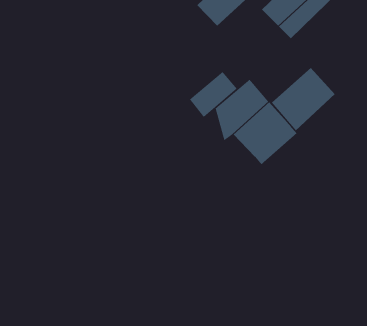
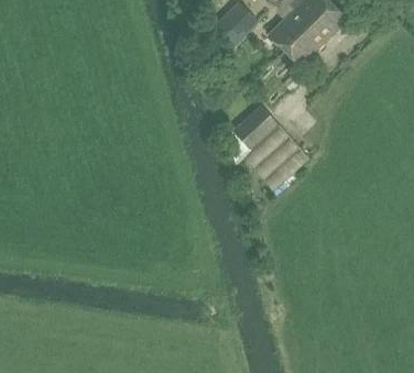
building: [271,67,336,131] -> none
building: [189,71,237,118] -> none

